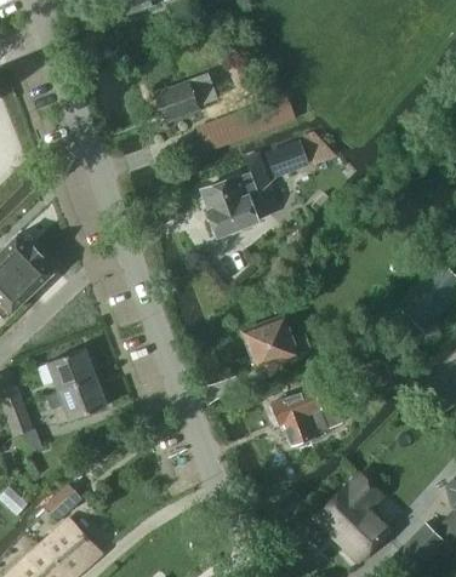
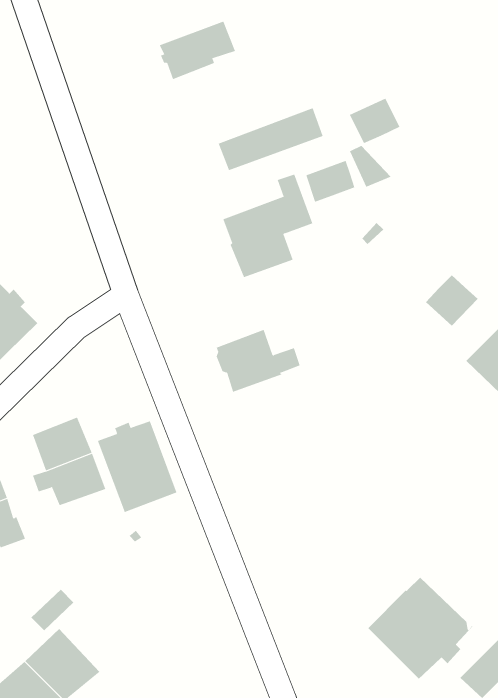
building: [154,74,216,121] -> [159,21,236,80]
building: none -> [349,98,400,144]
building: none -> [425,275,478,327]
building: [244,318,312,369] -> [216,329,300,393]
building: none -> [97,420,177,513]
building: [270,388,342,445] -> none

